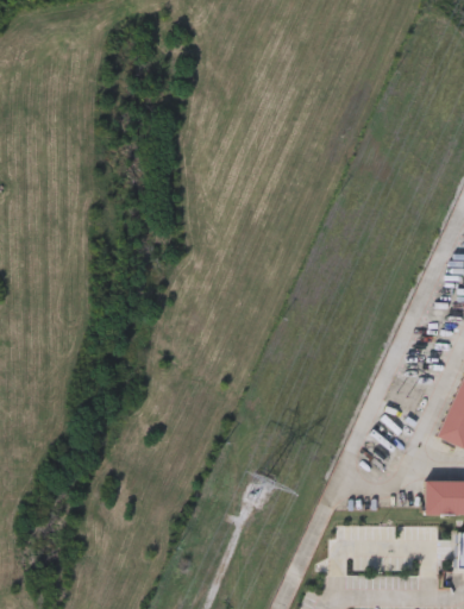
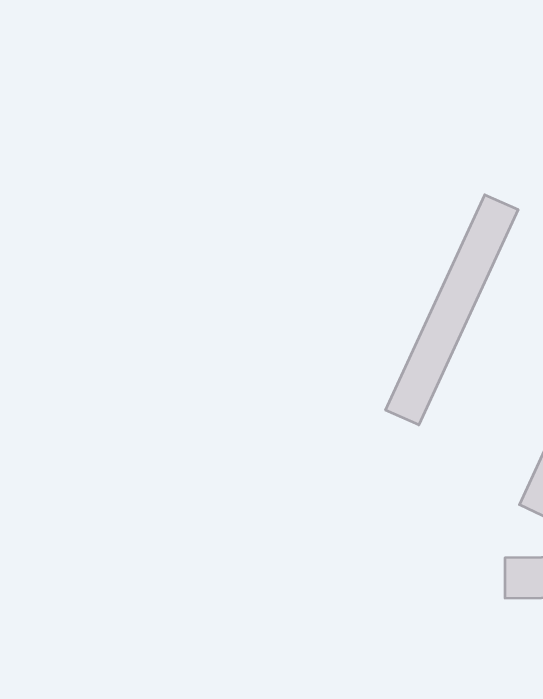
building: none -> [386,195,518,425]

